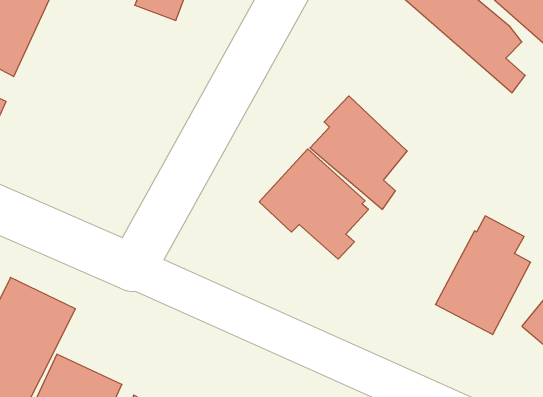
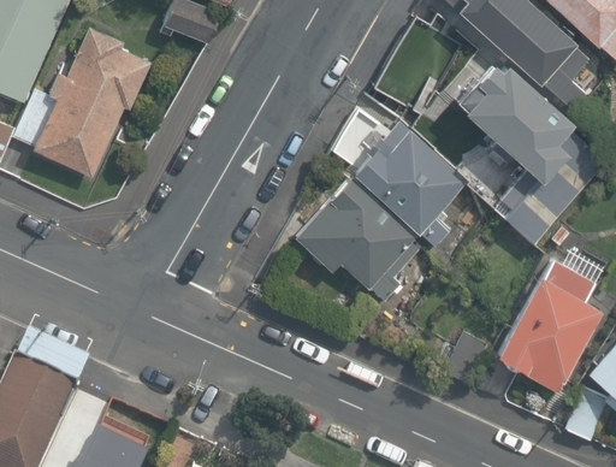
building: none -> [32,36,153,178]
building: none -> [448,60,597,244]

